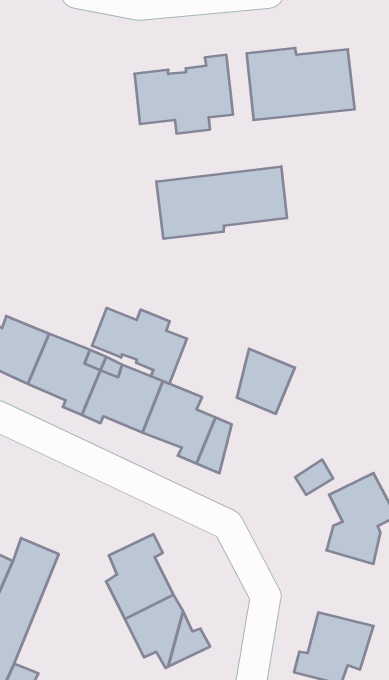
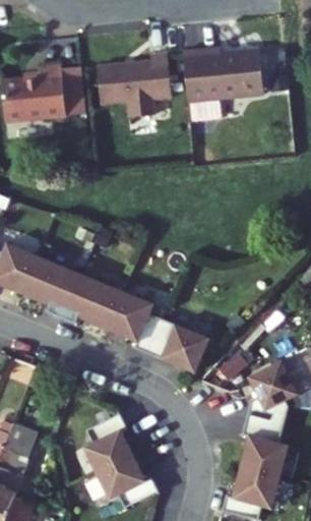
building: none -> [5,61,70,118]
building: [156,166,287,239] -> none
building: [92,308,187,384] -> none
building: [237,349,295,414] -> [166,326,209,374]
building: none -> [240,420,289,477]

